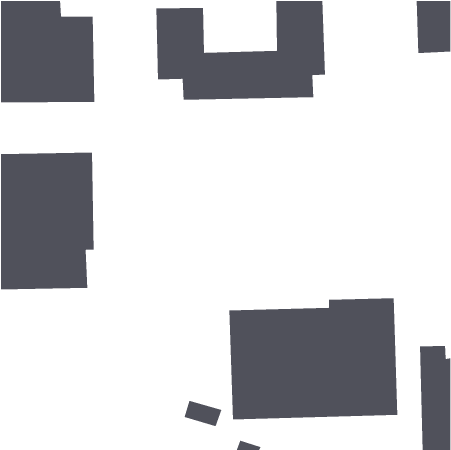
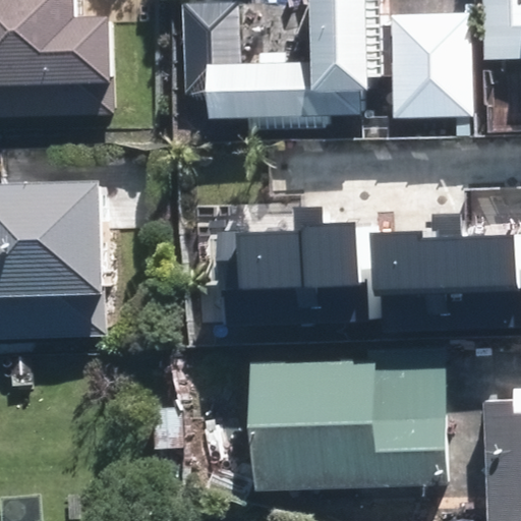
building: none -> [390,14,472,122]
building: none -> [235,209,358,291]
building: none -> [374,213,516,293]

